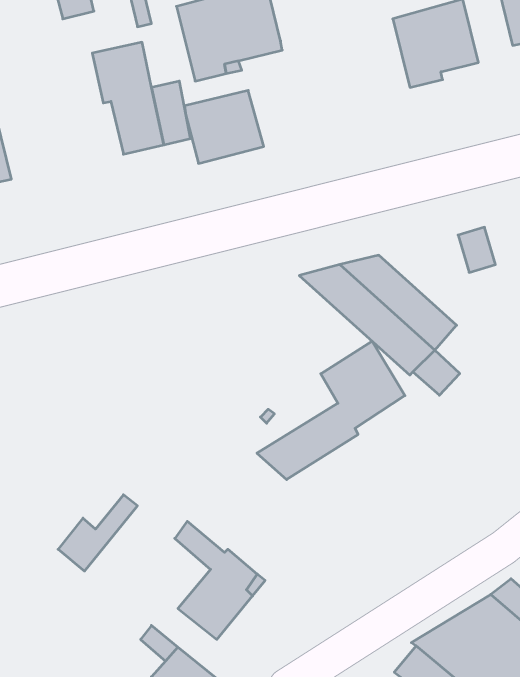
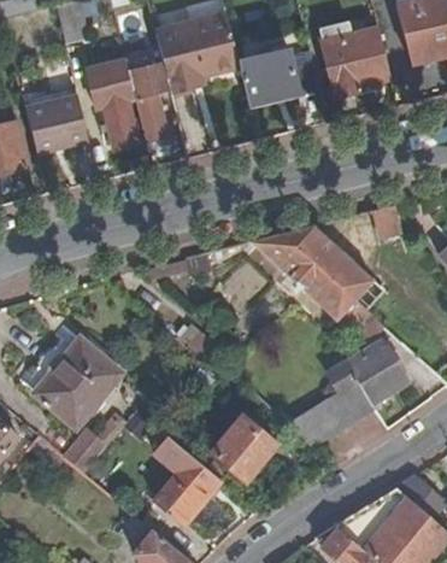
building: none -> [25,94,88,151]
building: [184,90,264,163] -> [235,48,296,105]
building: [257,341,405,480] -> [290,341,405,448]
building: none -> [34,339,118,424]
building: none -> [213,415,277,479]

